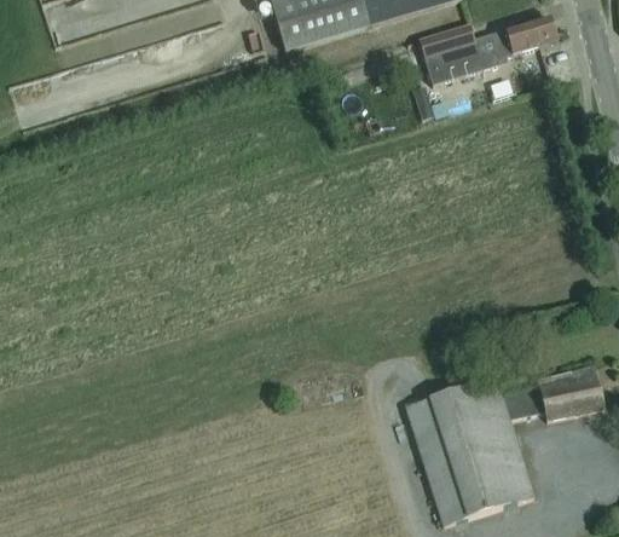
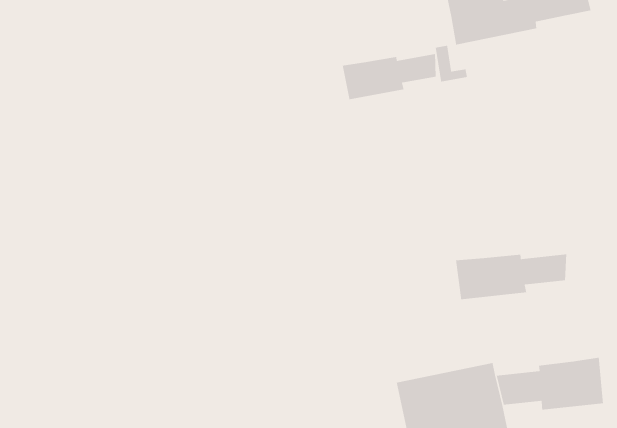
building: none -> [342,53,436,100]
building: none -> [455,254,567,300]

